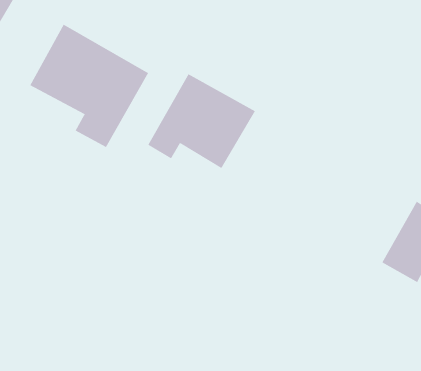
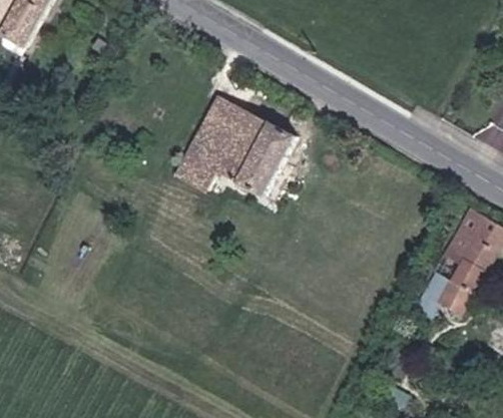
building: [30,24,149,148] -> none

